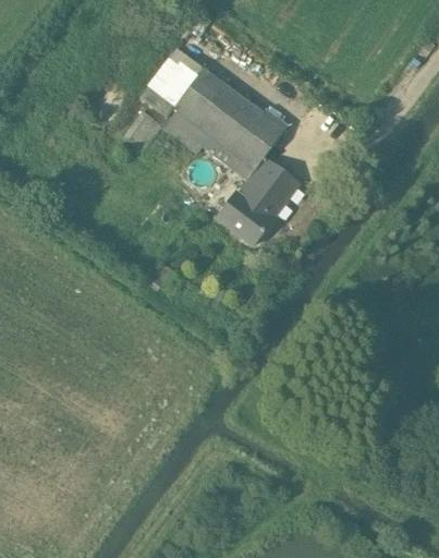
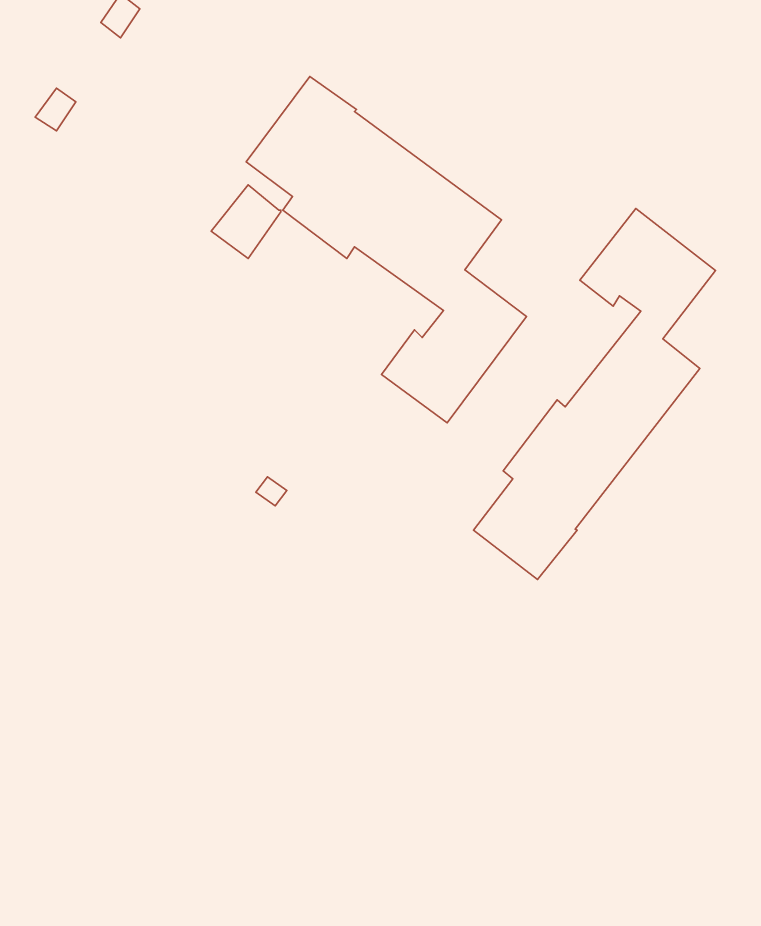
building: none -> [474,208,715,580]

